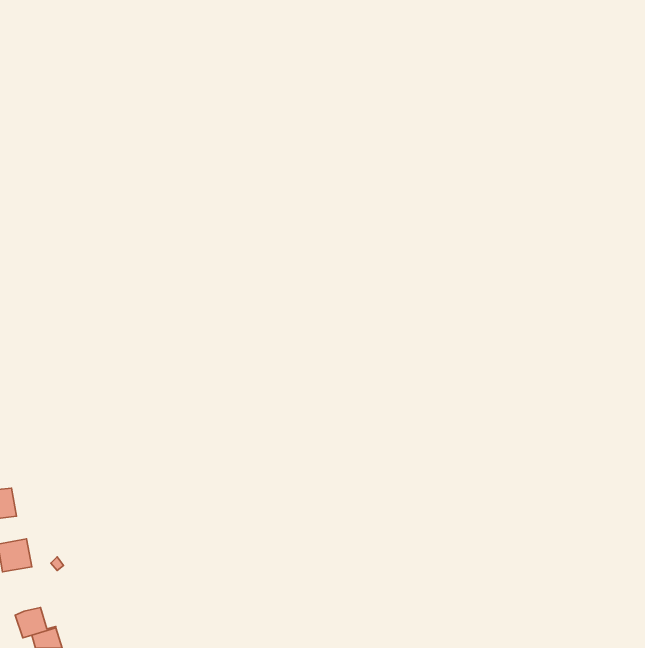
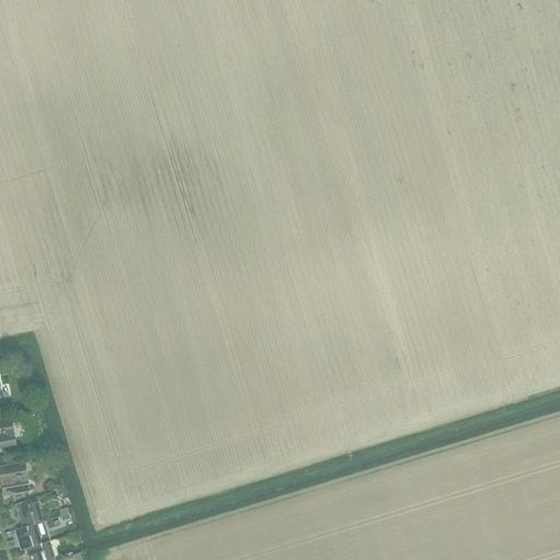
building: none -> [15,501,43,527]

